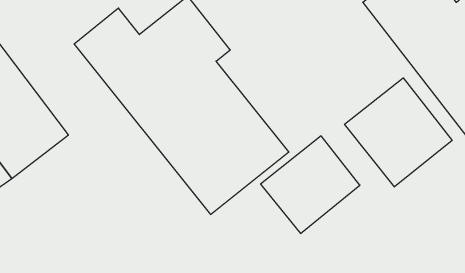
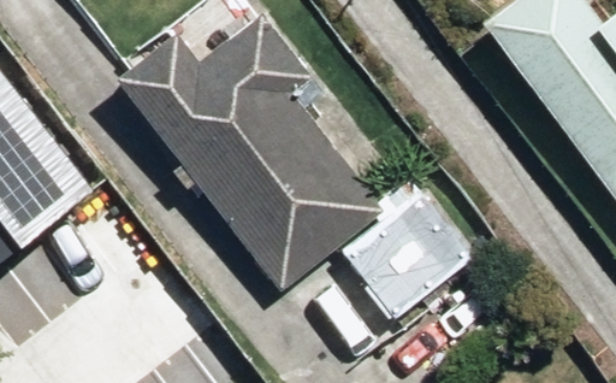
building: [345,78,452,187] -> none

